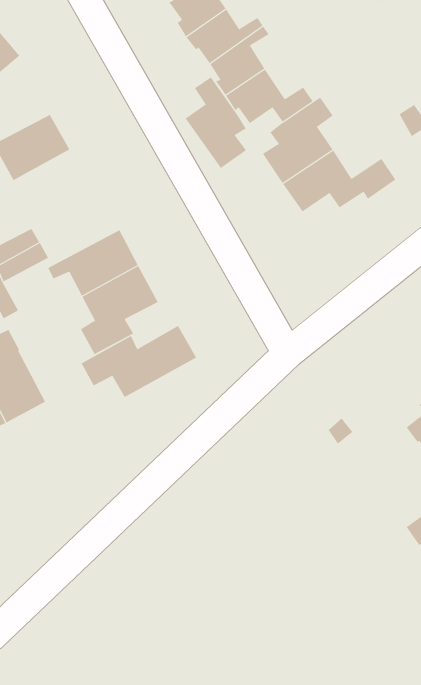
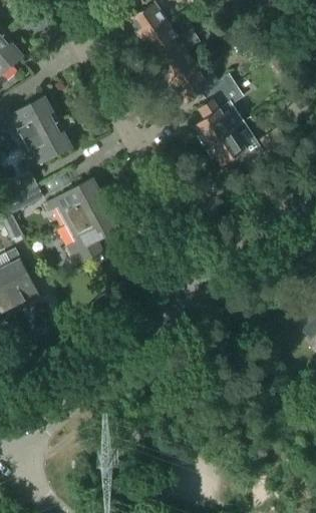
building: [185,77,247,169] -> none
building: none -> [17,121,72,174]
building: [81,325,197,398] -> none

